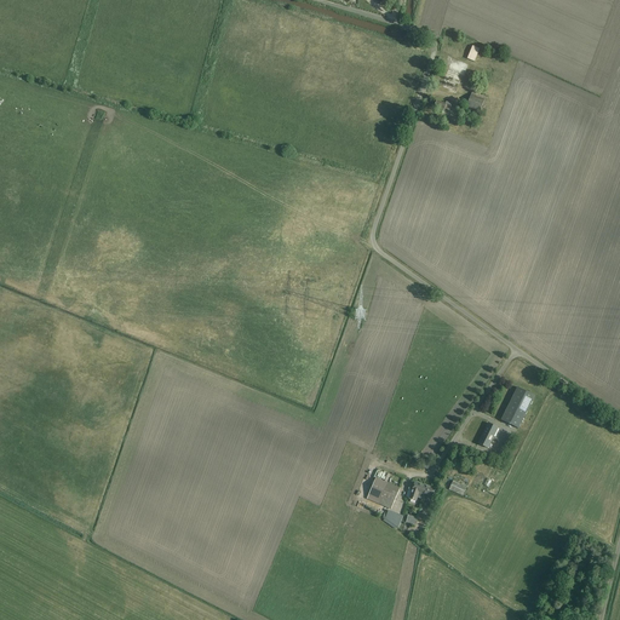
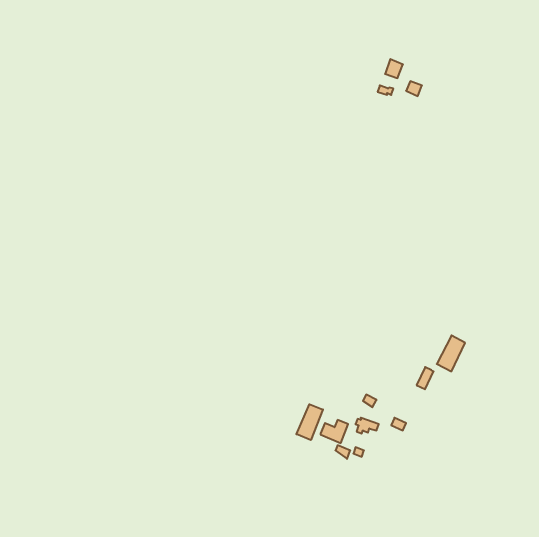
building: none -> [296,404,323,440]

